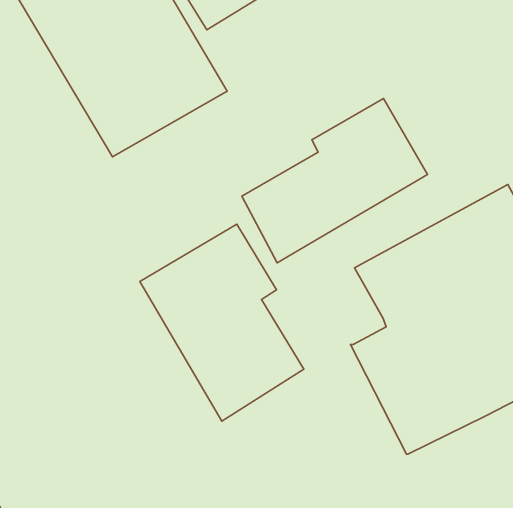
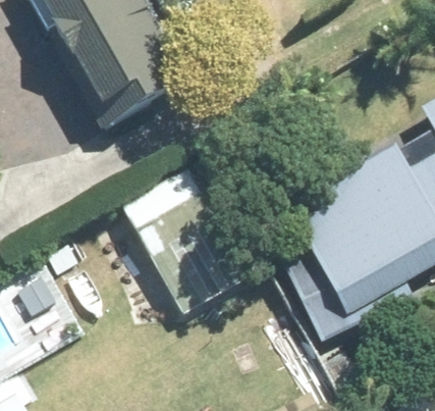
building: [242,99,428,263] -> none

